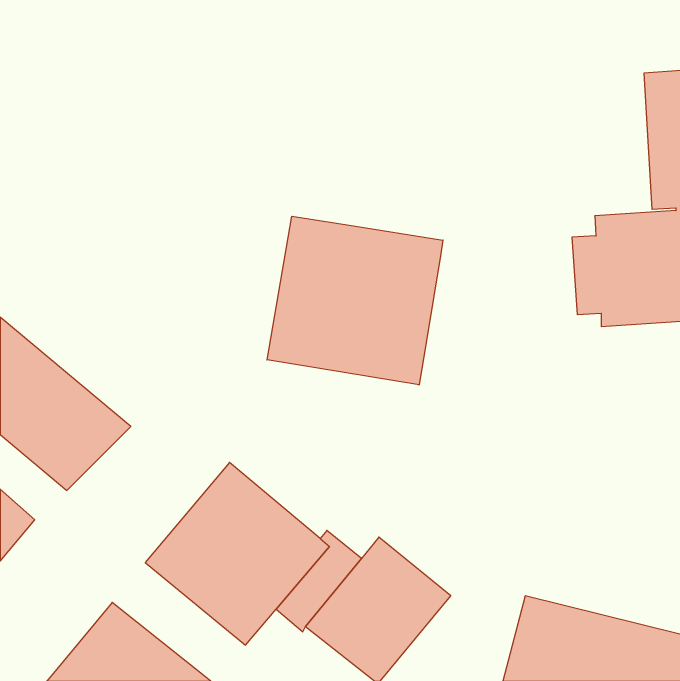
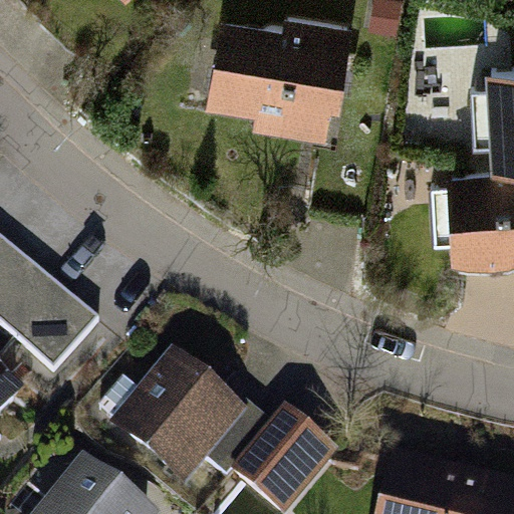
building: none -> [207,6,354,132]
building: [267,216,443,385] -> none

